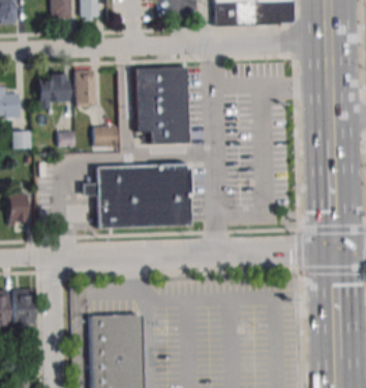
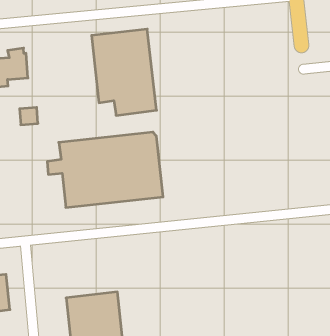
building: [75,65,96,107] -> none
building: [94,124,118,146] -> none

